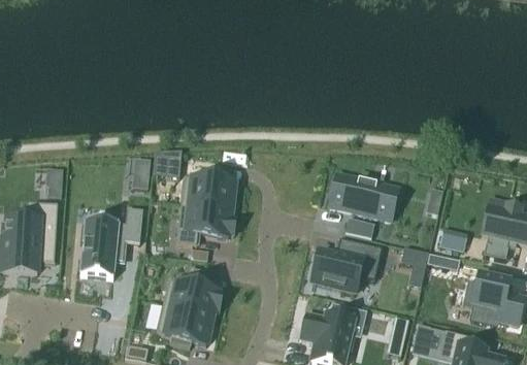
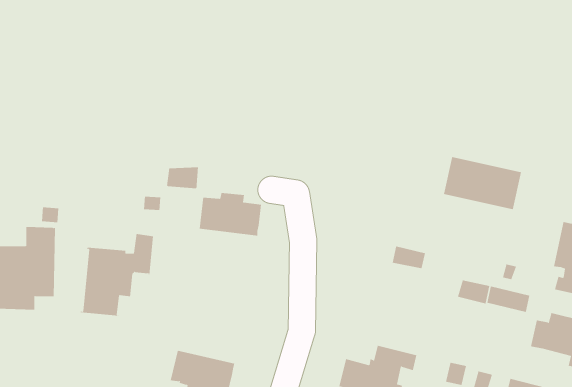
building: [330,174,397,220] -> [443,157,522,210]
building: [175,203,235,244] -> none
building: [314,238,384,292] -> none
building: [162,267,222,318] -> none

